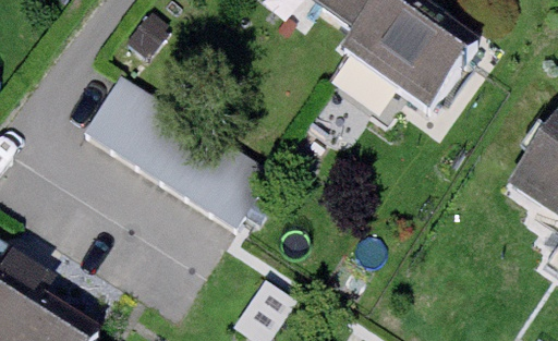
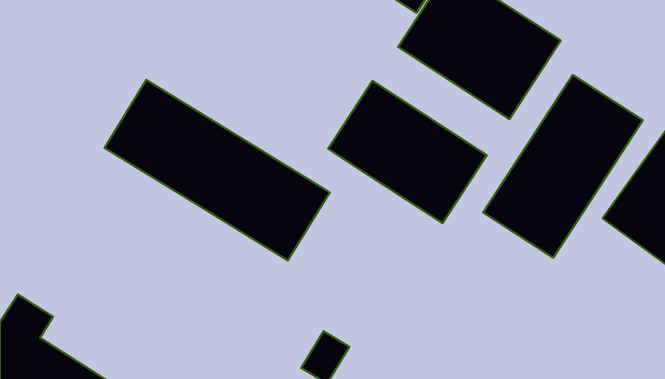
building: none -> [483,75,643,258]
building: none -> [328,81,487,223]

